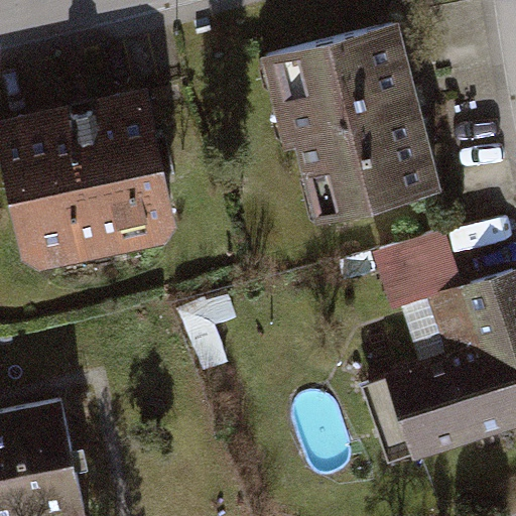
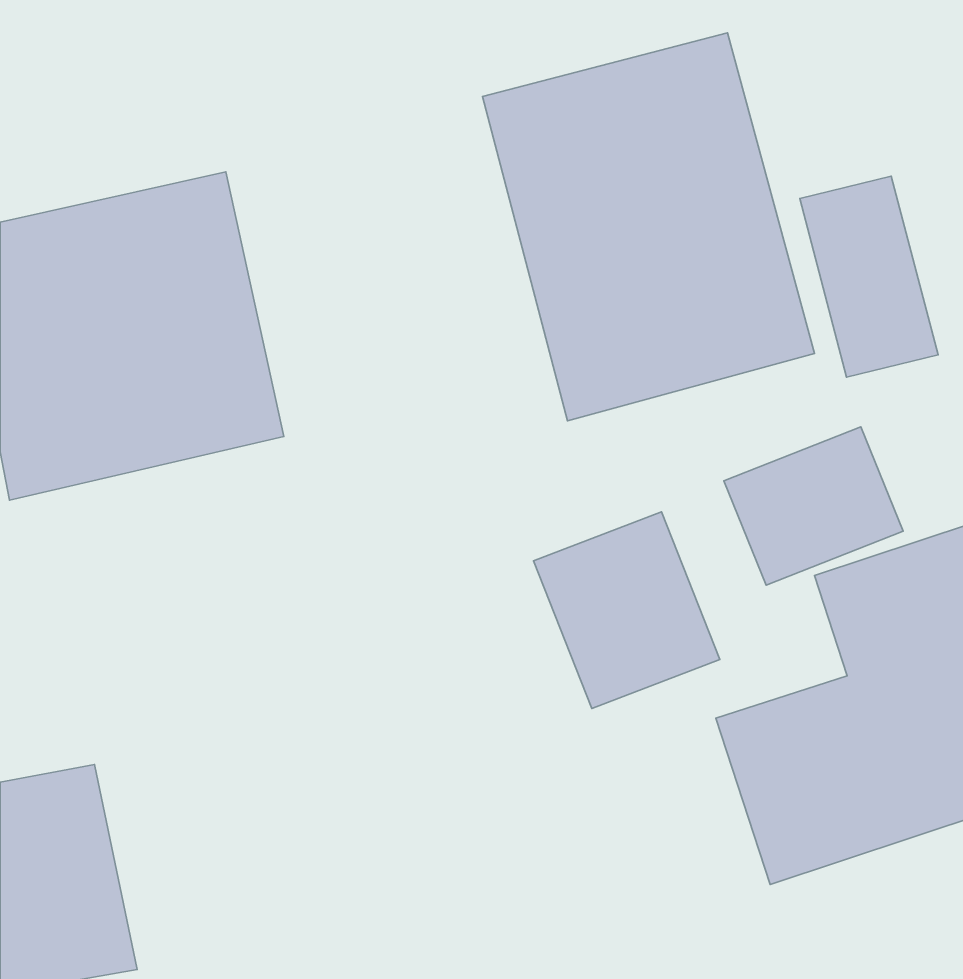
building: none -> [800,176,938,377]
building: none -> [534,512,720,708]

